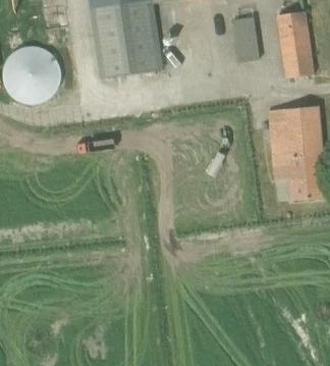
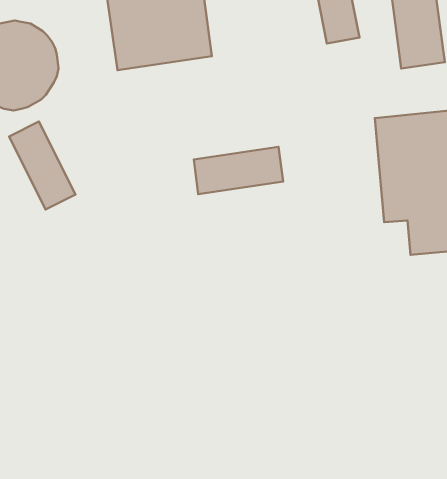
building: none -> [9,121,75,210]
building: none -> [194,147,283,194]

